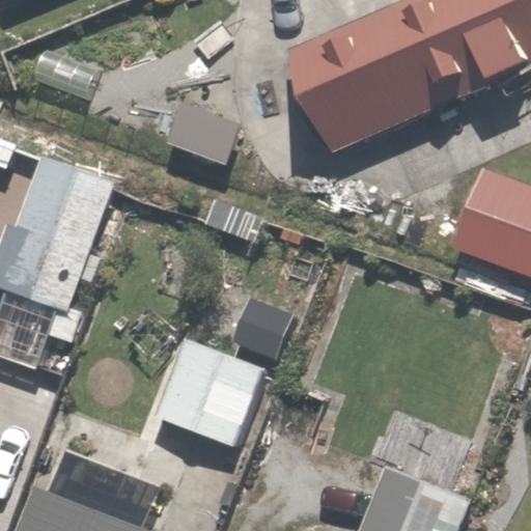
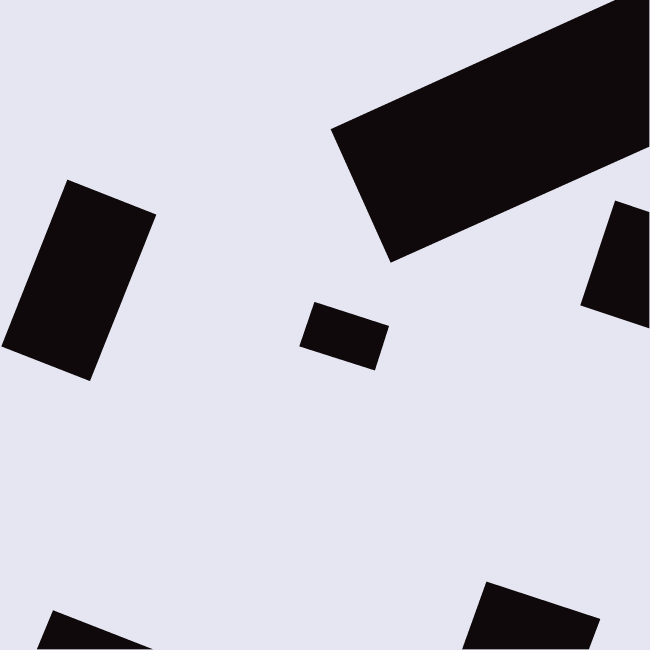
building: [159,323,274,438] -> none

